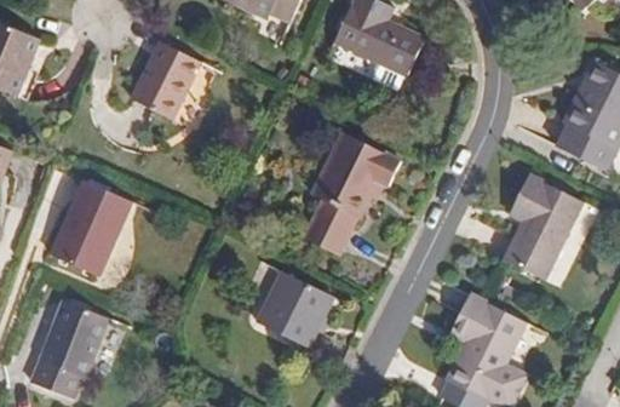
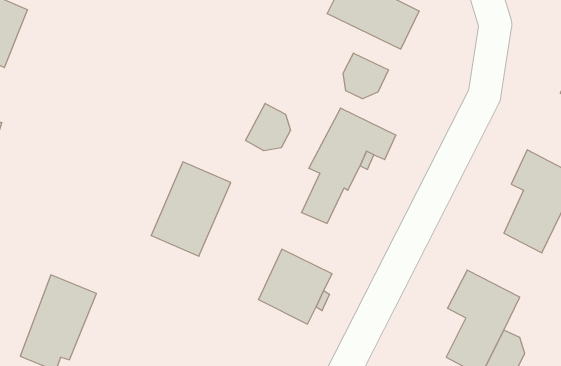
building: [128,41,195,116] -> none
building: none -> [343,53,388,99]
building: none -> [246,103,291,151]
building: [50,180,128,274] -> [151,162,231,256]

